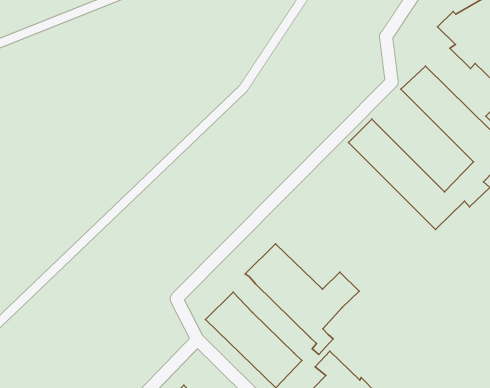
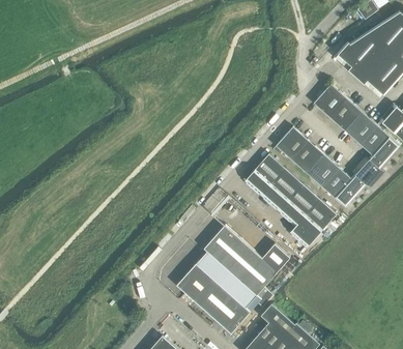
building: none -> [244,153,337,248]
building: none -> [195,251,255,307]

